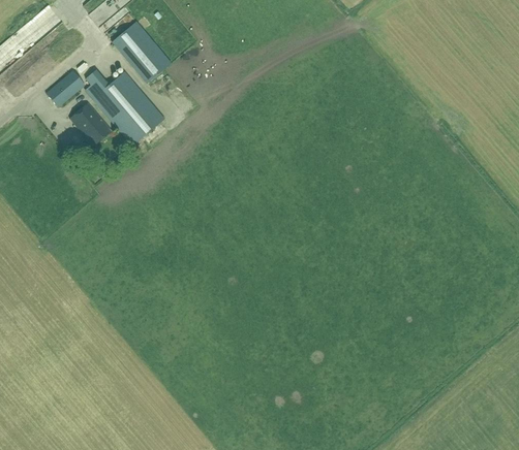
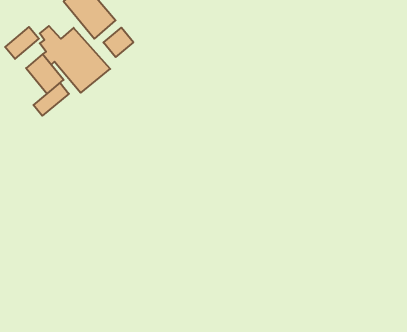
building: none -> [103,28,133,57]
building: none -> [33,83,69,116]

